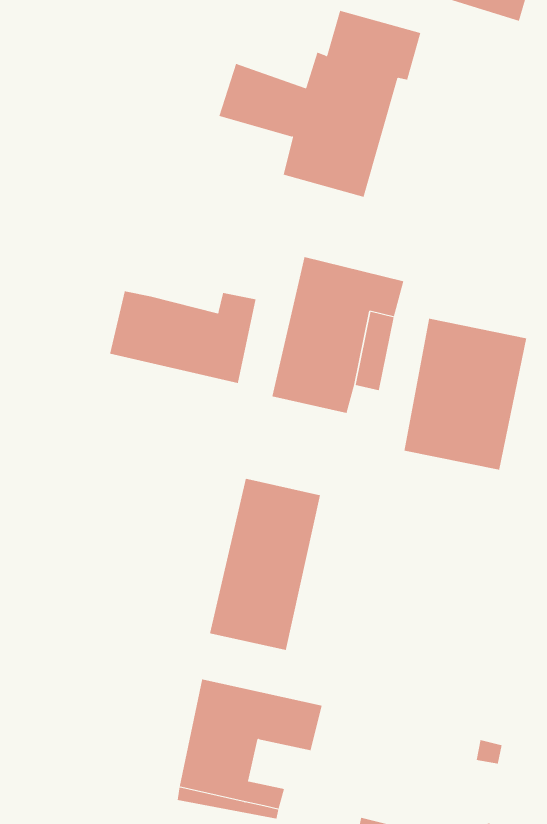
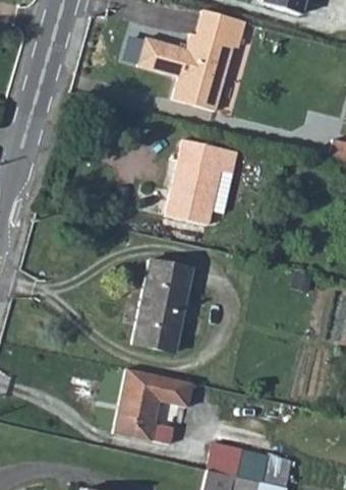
building: [110,291,256,384] -> none
building: [404,318,527,471] -> none

